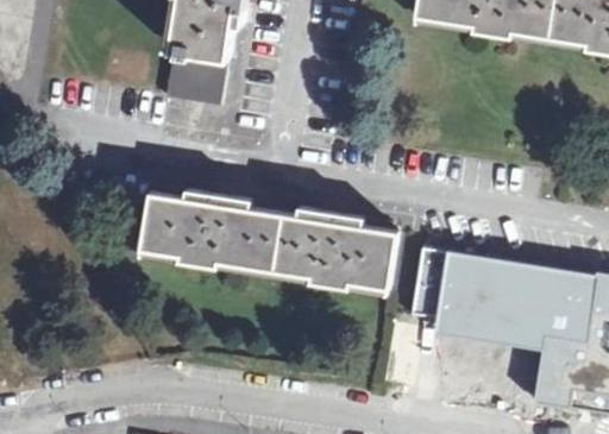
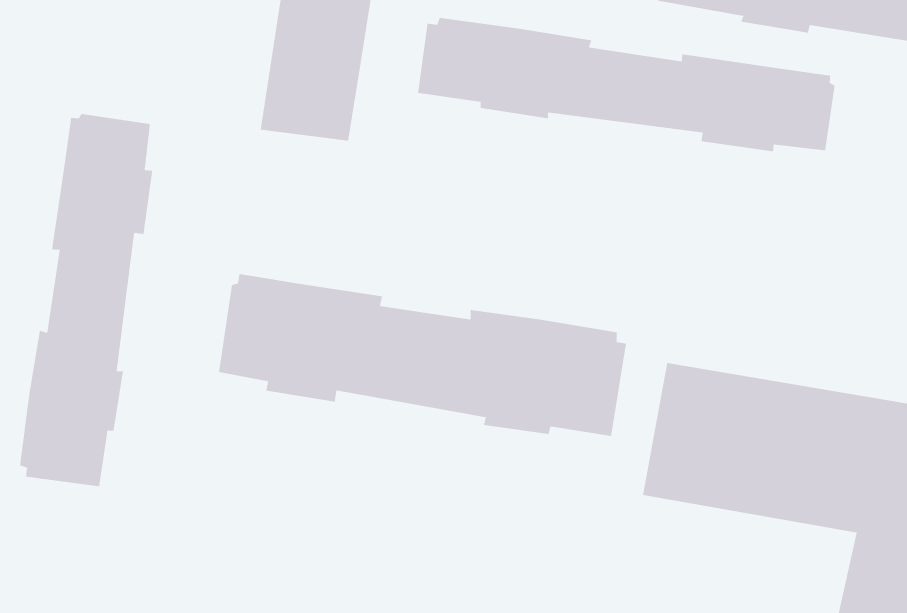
building: none -> [418,17,835,152]
building: none -> [19,113,153,487]

